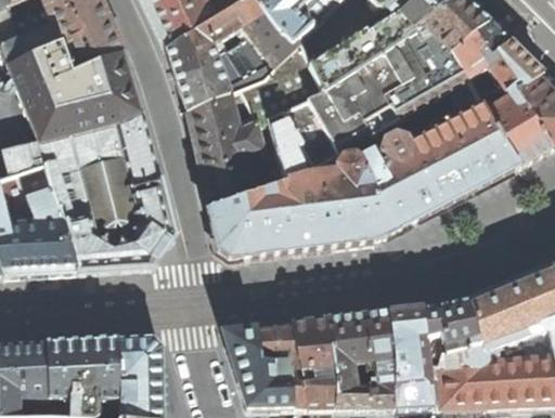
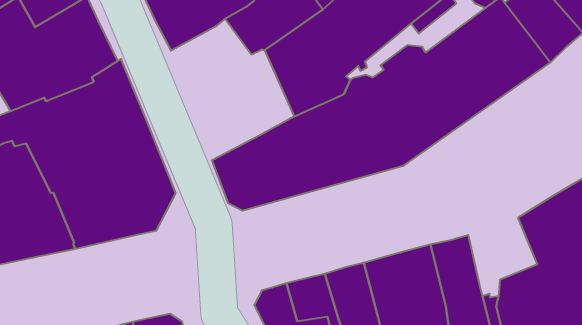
building: [186,90,286,208] -> none
building: [424,298,480,351] -> none

